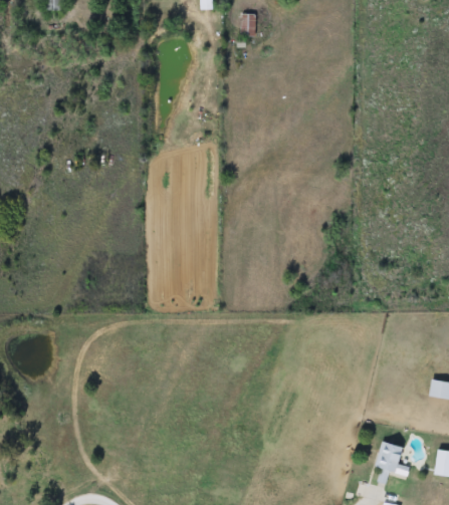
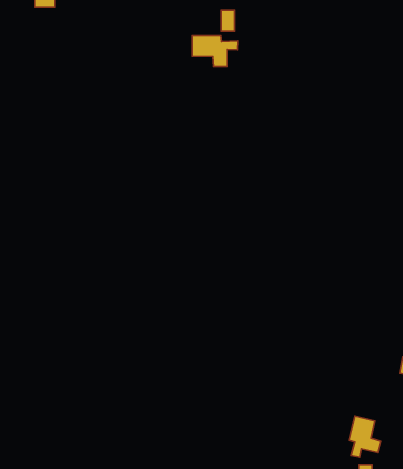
building: none -> [192,35,238,67]

